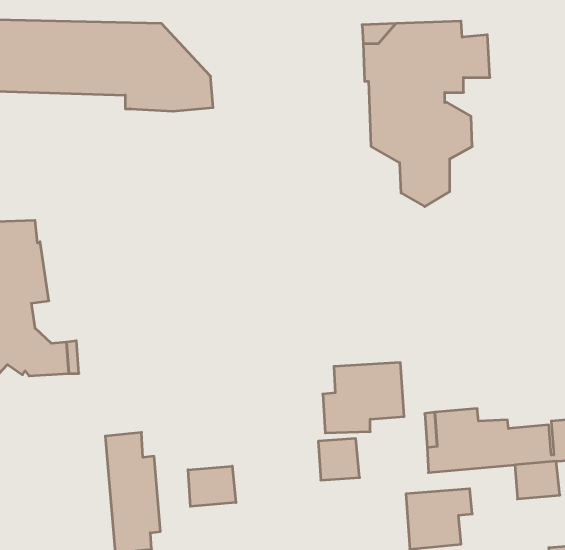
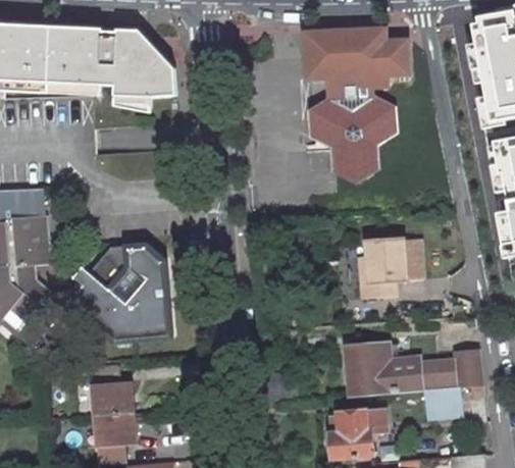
building: none -> [73,245,169,339]
building: [323,363,404,433] -> [354,239,420,296]
building: [188,466,236,506] -> none

